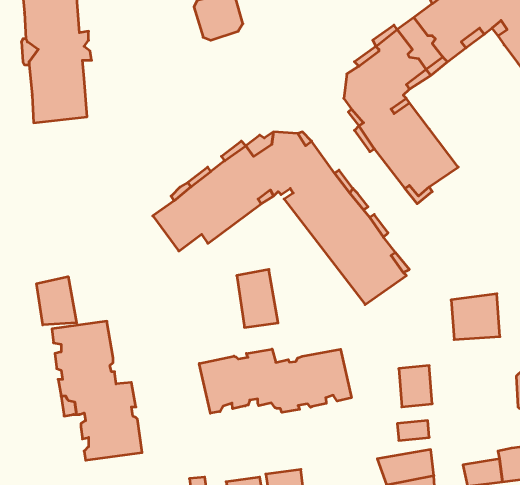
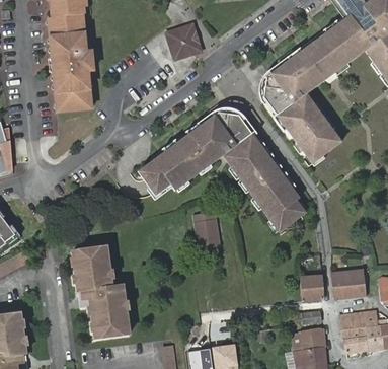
building: [37,277,77,325] -> none
building: [451,294,500,340] -> [333,268,366,298]
building: [199,349,351,413] -> none
building: none -> [340,310,376,339]

